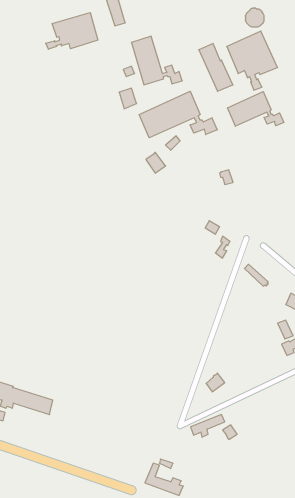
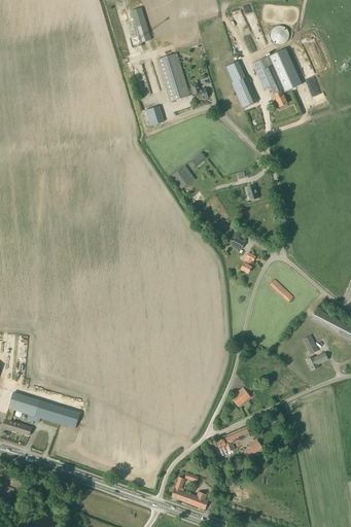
building: [46,13,98,49] -> none
building: [139,91,217,138] -> none
building: [227,92,284,126] -> none

